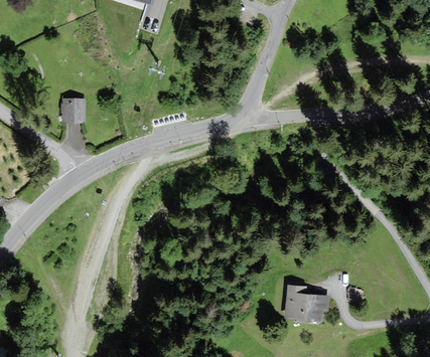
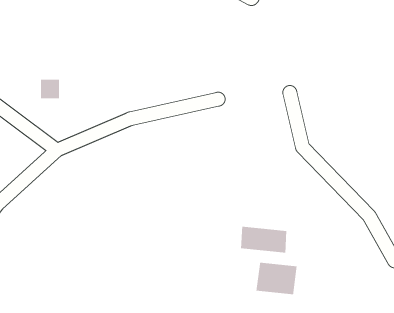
building: none -> [240,226,287,254]

